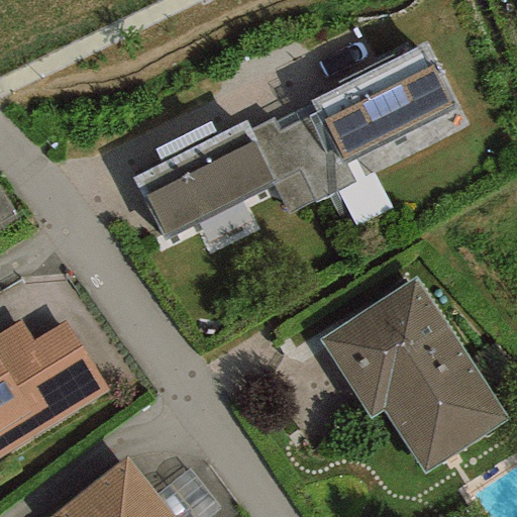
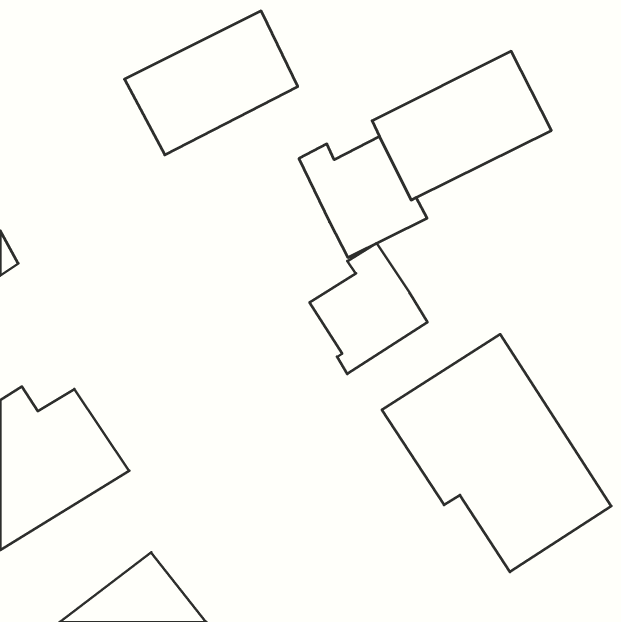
building: [131,121,275,240] -> [124,11,298,155]
building: none -> [310,243,427,374]

